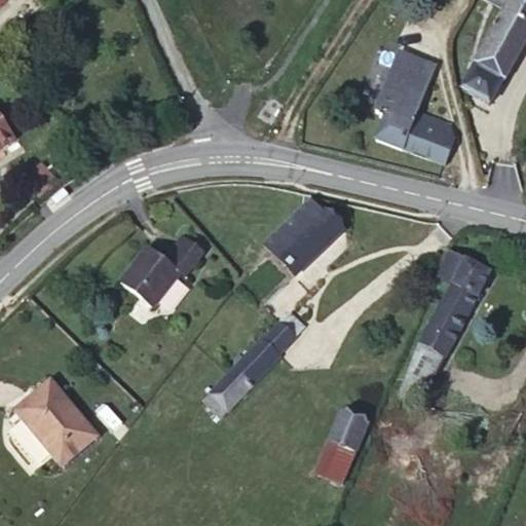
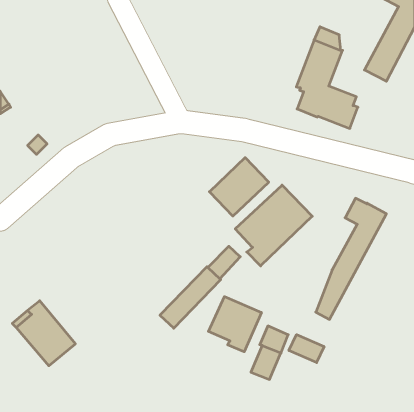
building: [121,232,204,306] -> none
building: none -> [235,185,312,266]
building: none -> [208,297,261,352]
building: none -> [289,335,324,363]

